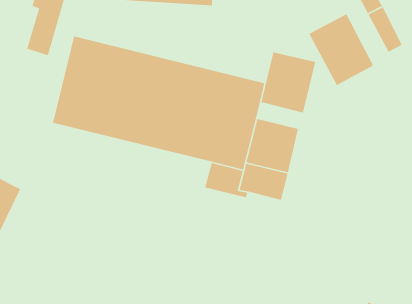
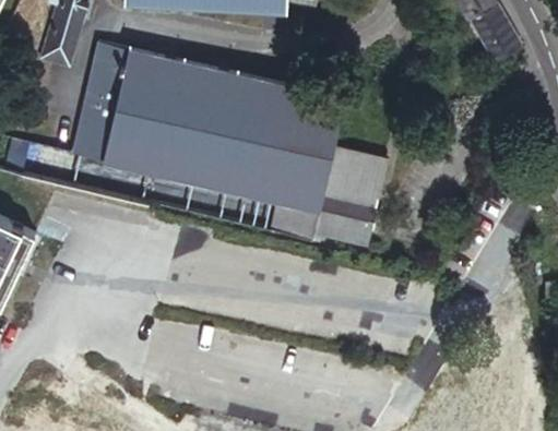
building: [308,13,374,86] -> none
building: [261,52,316,114] -> none

